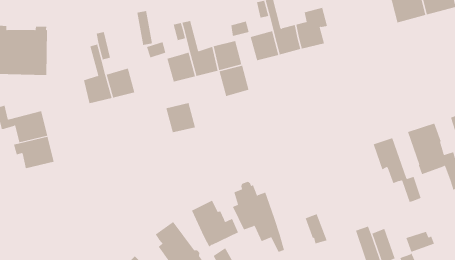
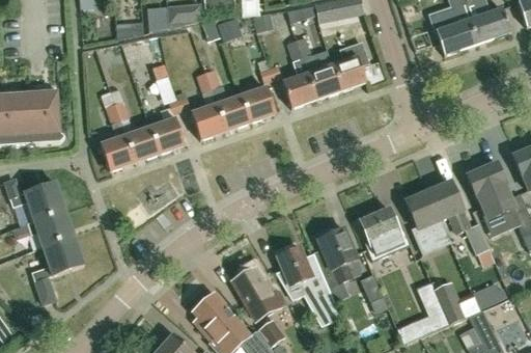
building: [219,65,249,97] -> none
building: [166,103,196,133] -> [149,118,185,154]
building: none -> [404,191,446,253]
building: none -> [360,208,410,260]
building: none -> [32,238,84,303]
building: none -> [313,227,356,282]

